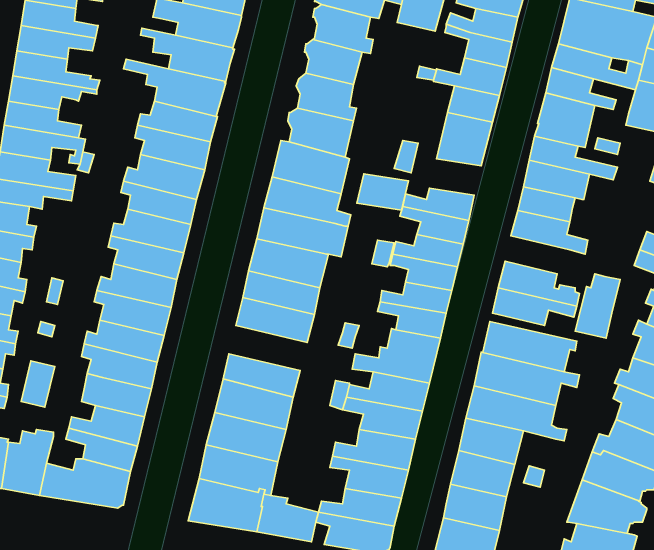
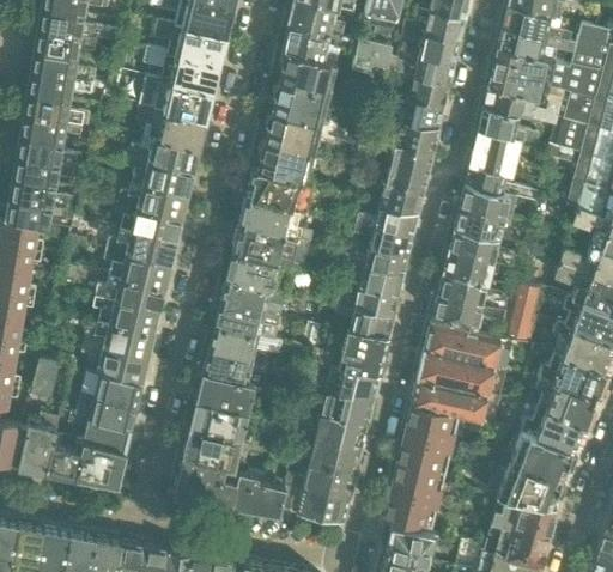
building: [357,174,409,210] -> [380,185,424,217]
building: none -> [444,251,499,284]
building: none -> [208,328,283,366]

